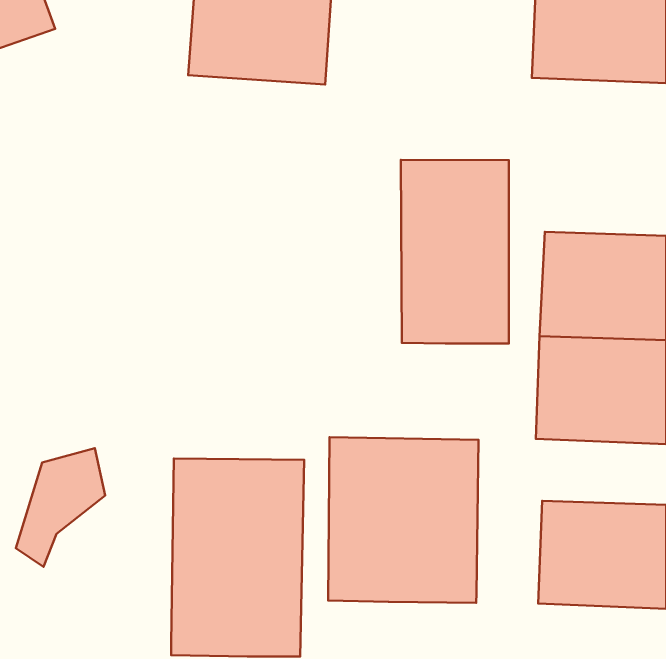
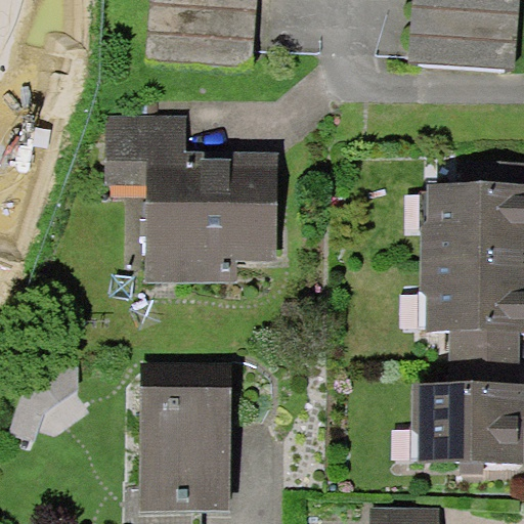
building: none -> [108,114,278,278]
building: [401,160,509,344] -> none
building: [328,437,479,603] -> none

